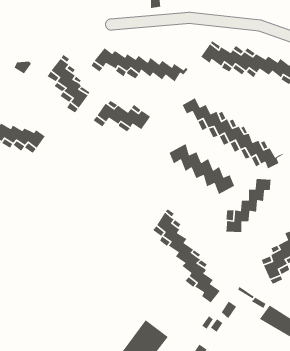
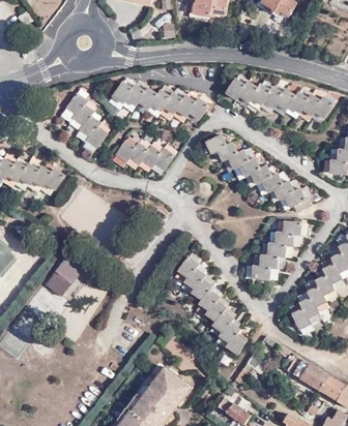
building: [168,143,235,195] -> none
building: none -> [45,256,79,295]

